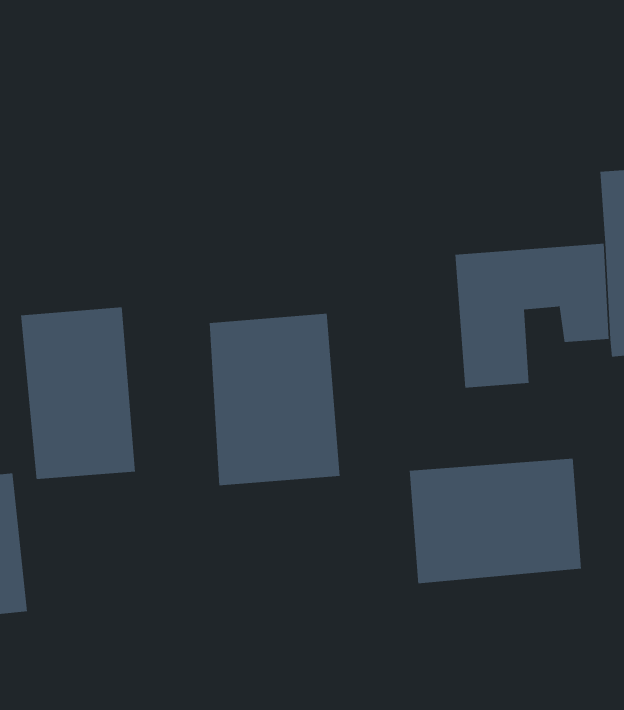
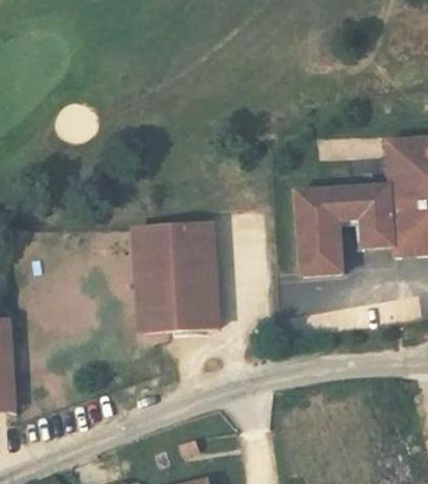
building: [20,307,135,480] -> none
building: [409,458,581,584] -> none

